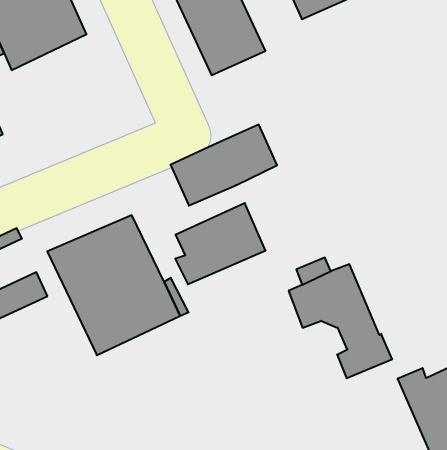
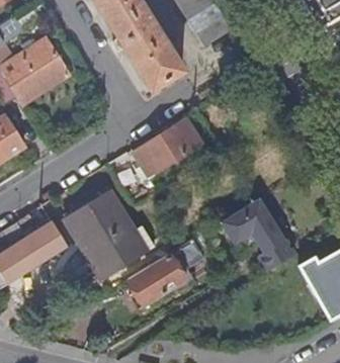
building: [175,203,266,284] -> [126,253,185,309]

